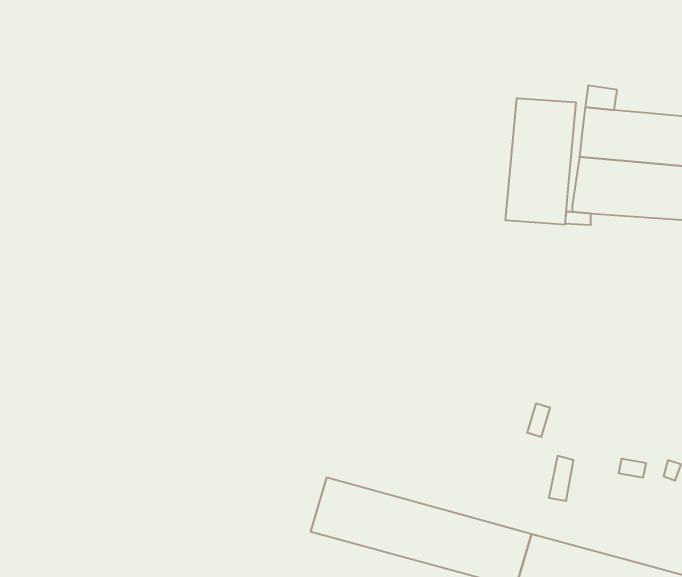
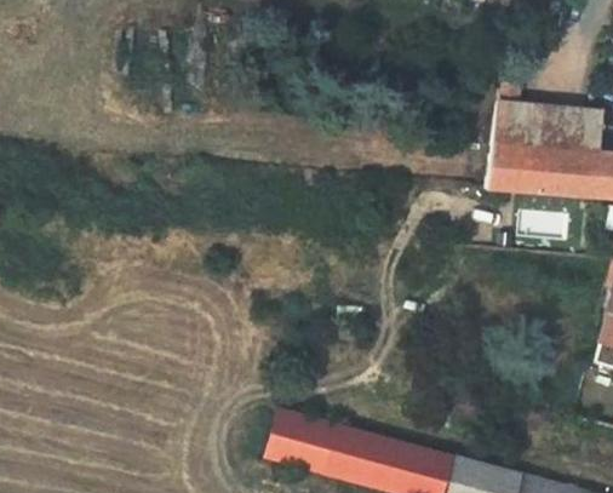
building: [506,98,576,225] -> none

